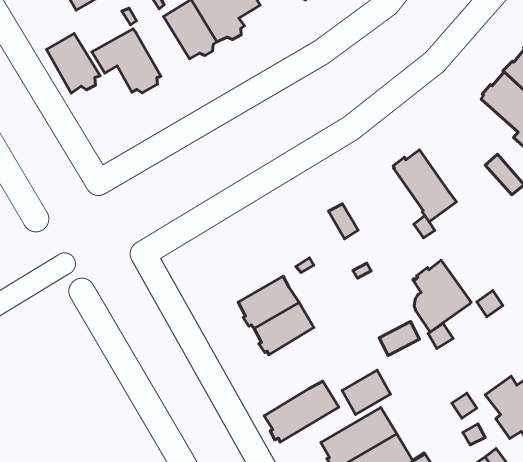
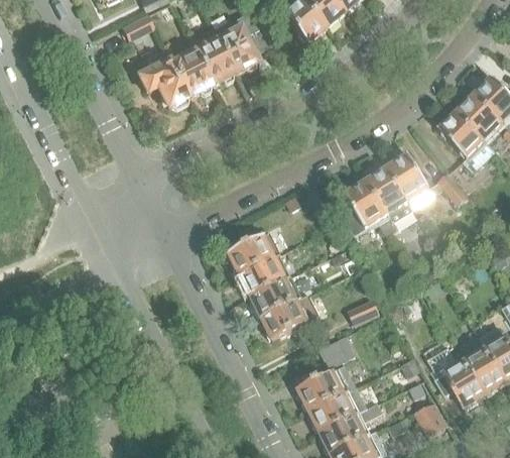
building: [47,33,100,93] -> [172,49,213,96]
building: none -> [387,153,428,200]
building: none -> [227,229,279,275]
building: [413,260,471,332] -> [343,179,387,234]
building: [264,381,339,442] -> [260,294,318,339]

